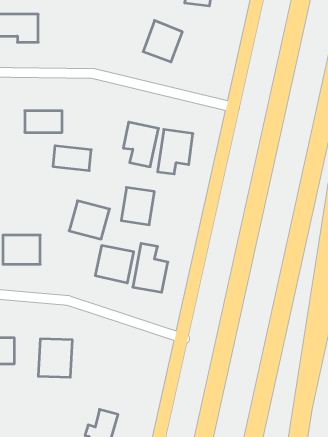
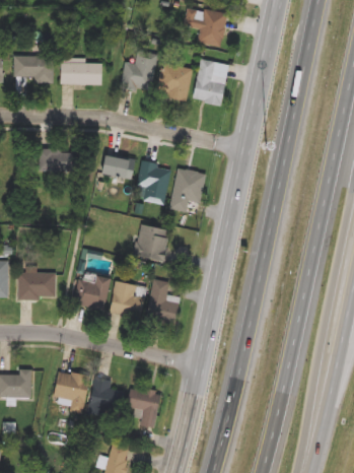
building: none -> [121,51,159,90]
building: none -> [193,59,228,105]
building: none -> [60,61,101,84]
building: [53,146,91,171] -> [98,154,136,179]
building: [69,201,110,239] -> [72,273,112,311]
building: none -> [88,378,124,419]
building: none -> [126,388,160,428]

